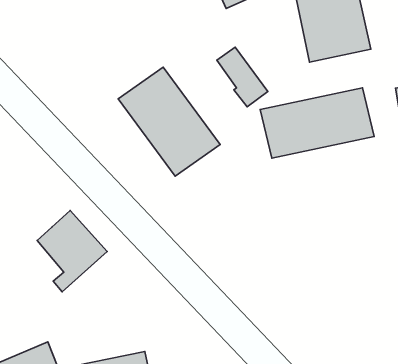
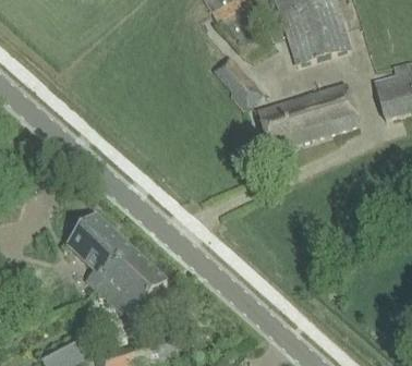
building: [118,67,220,176] -> none
building: none -> [93,248,166,315]

